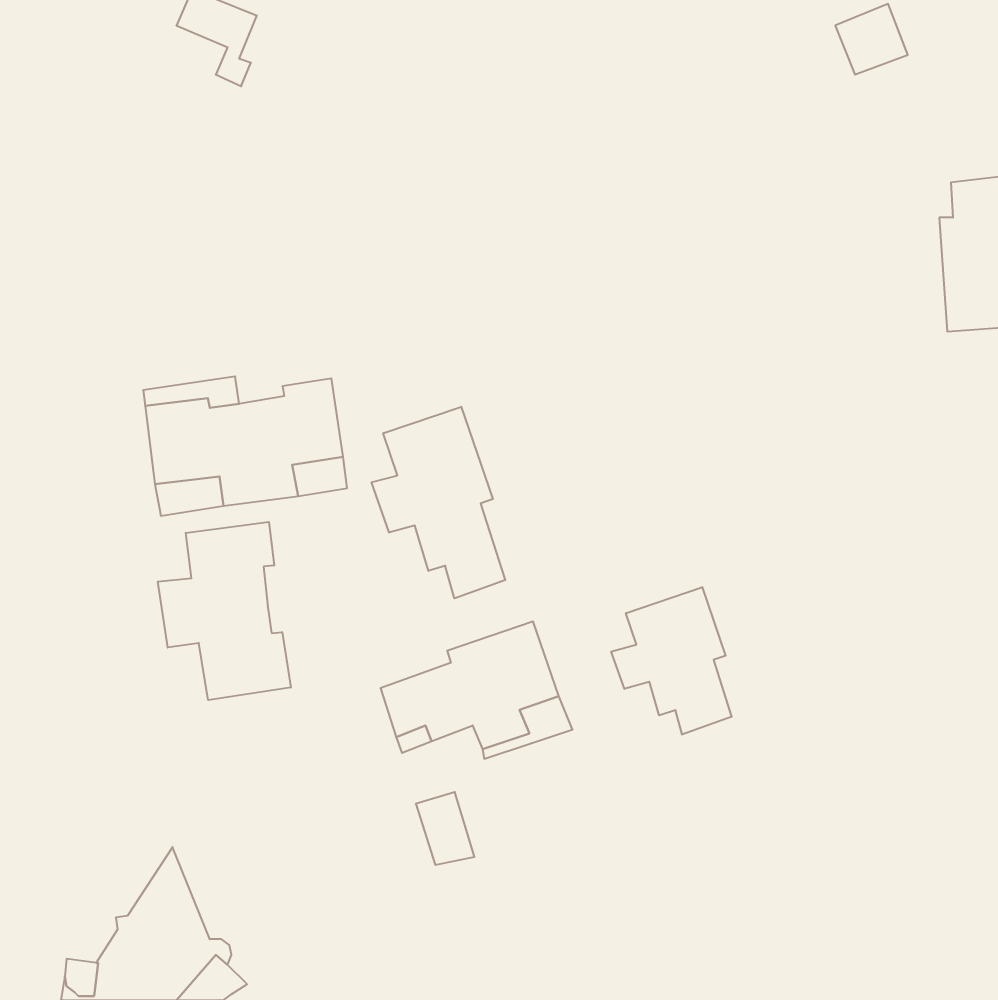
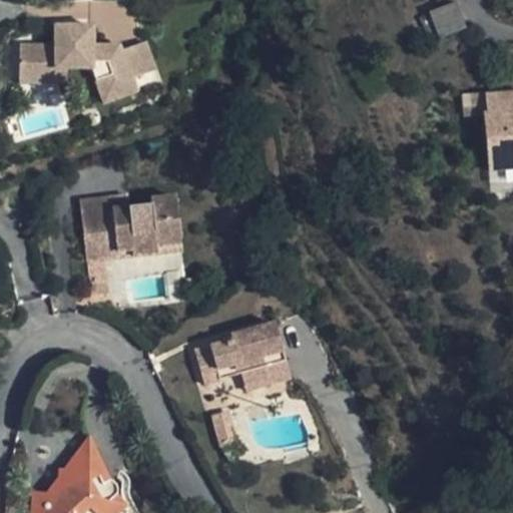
building: none -> [20,26,155,103]
building: [372,407,505,598] -> none
building: [158,522,291,700] -> none
building: [611,587,732,735] -> none

